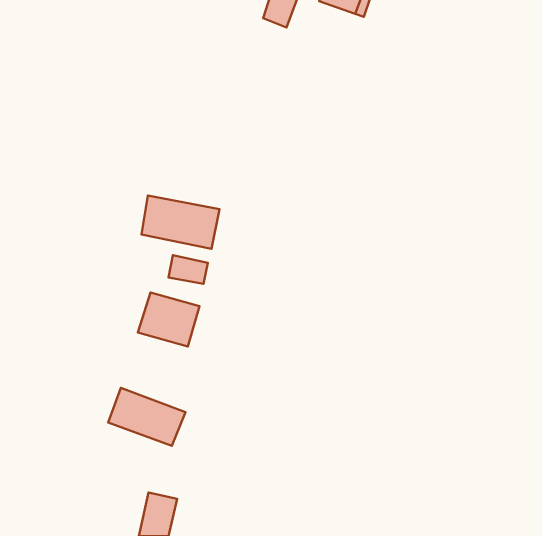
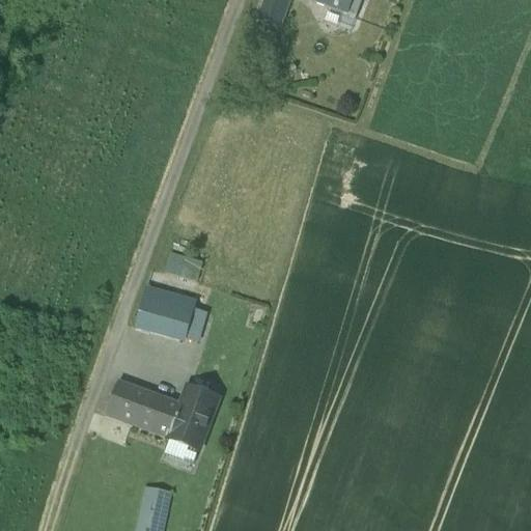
building: [141,196,219,249] -> none
building: none -> [168,386,218,448]

